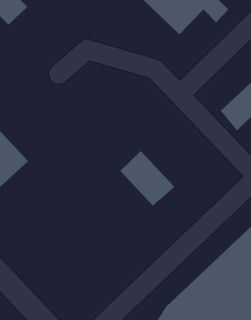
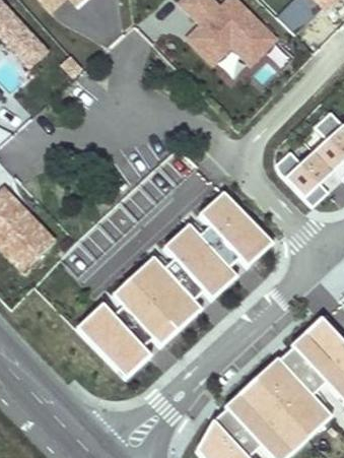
building: none -> [201,192,267,259]
building: none -> [115,258,196,338]
building: none -> [78,305,144,372]

